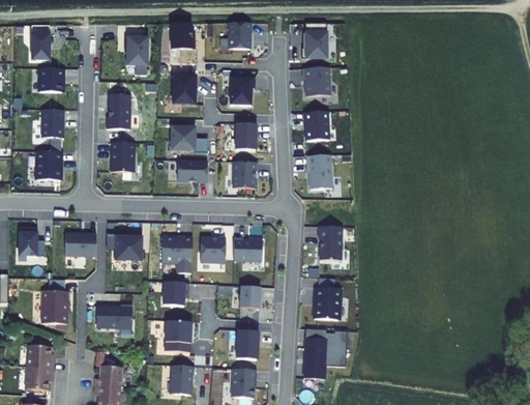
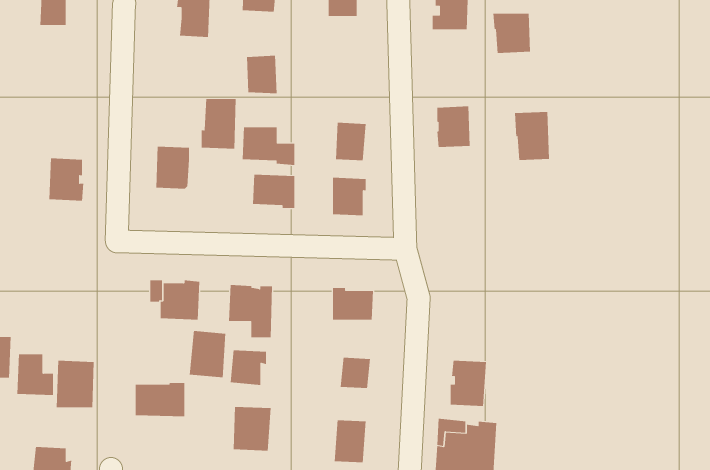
building: [38,64,62,88] -> none
building: [304,68,331,96] -> [492,13,531,53]
building: [230,78,252,105] -> none
building: [107,92,131,127] -> [201,99,237,149]
building: [41,107,64,135] -> none
building: [308,155,333,190] -> [514,111,550,161]
building: [19,226,45,255] -> [17,354,54,395]
building: [320,227,344,261] -> none
building: [64,232,96,255] -> none
building: [201,238,226,263] -> none
building: none -> [189,330,226,378]

